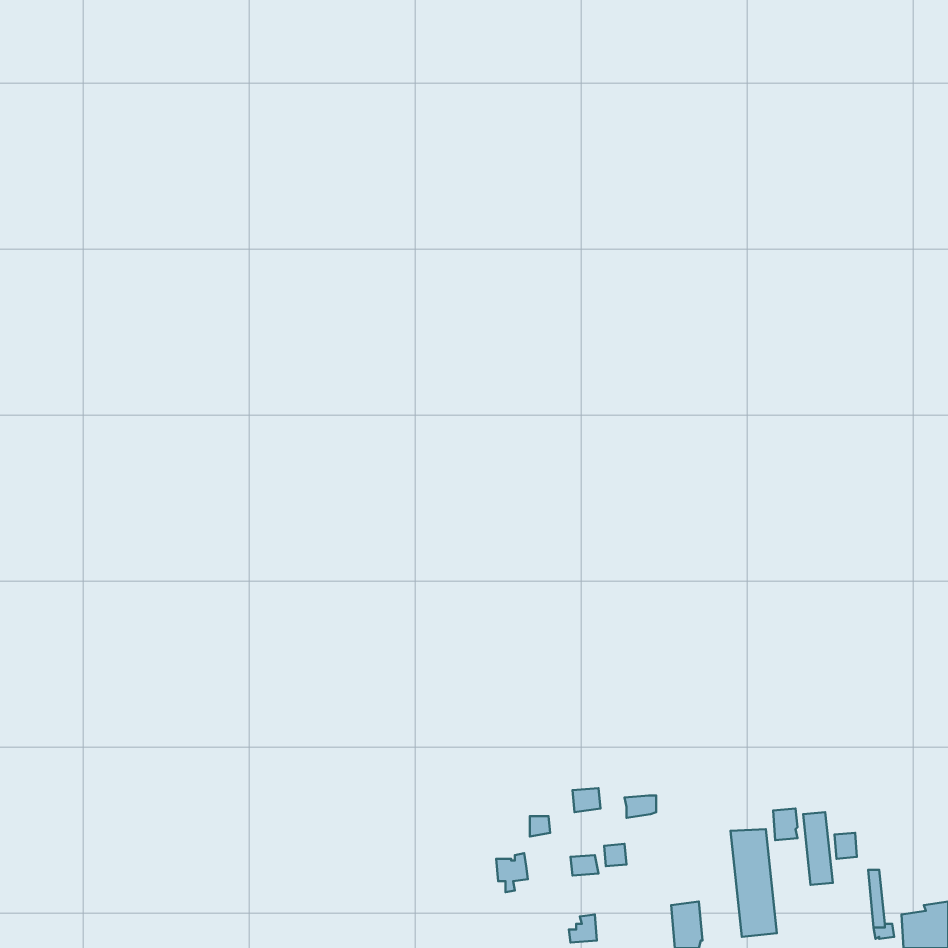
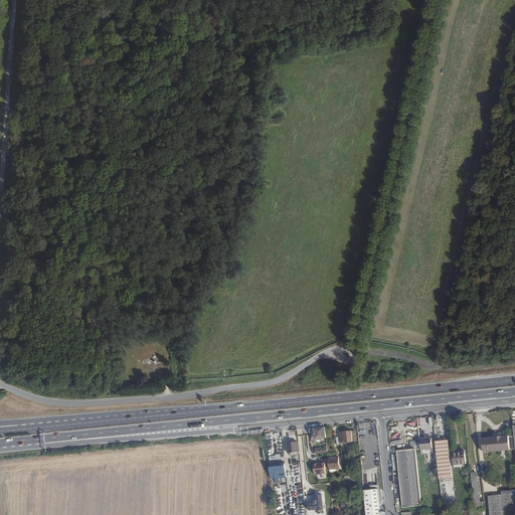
building: none -> [481,435,509,452]

